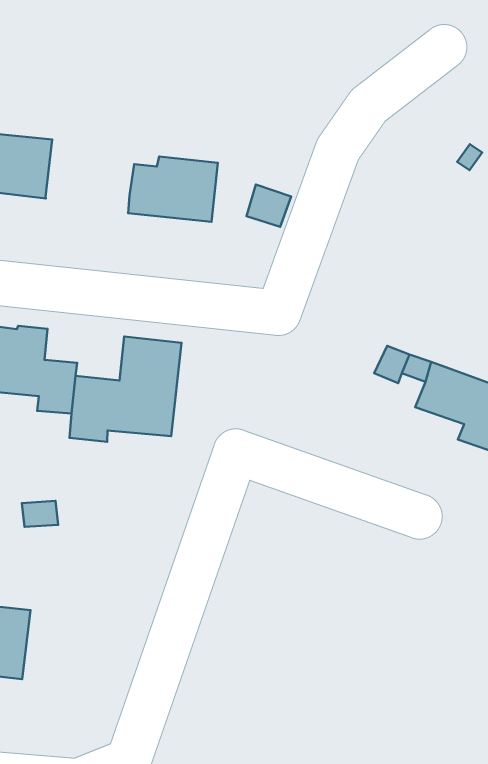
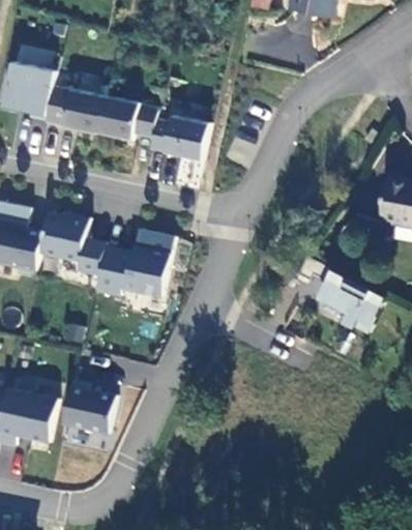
building: none -> [96,96,157,141]
building: none -> [61,378,114,432]

